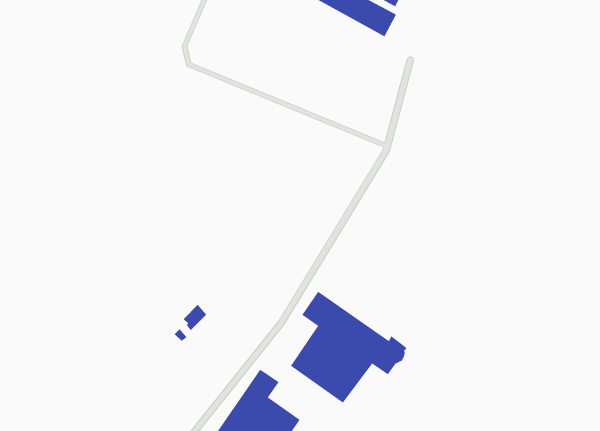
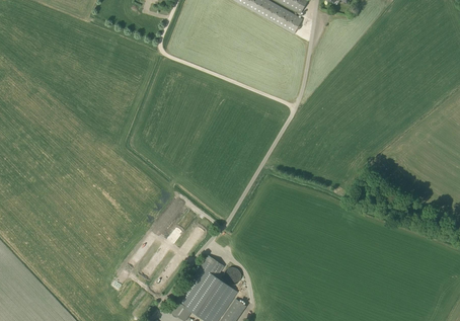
building: [290,291,407,404] -> none

